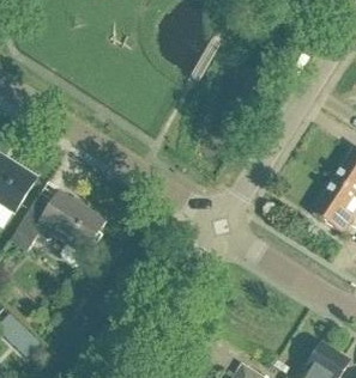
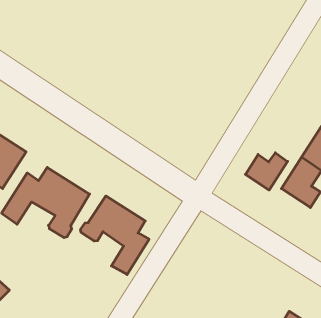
building: none -> [245,153,288,190]
building: none -> [81,196,149,275]

